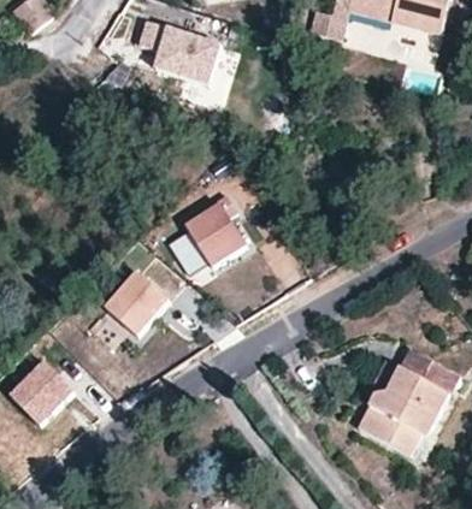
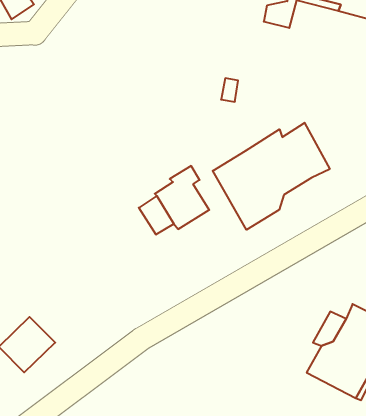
building: [135,23,219,84] -> none
building: none -> [213,123,330,230]
building: [105,272,169,336] -> none

